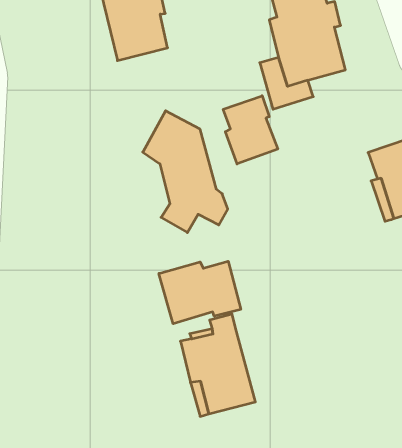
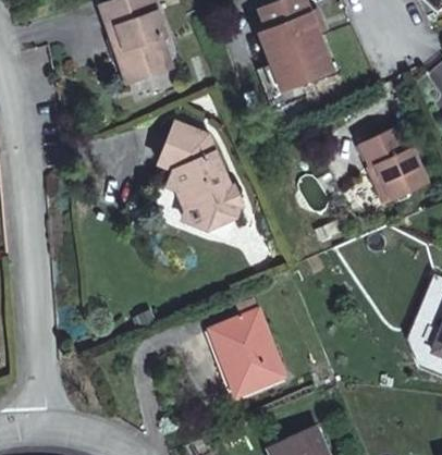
building: [223,96,278,164] -> none
building: [159,261,241,324] -> none

